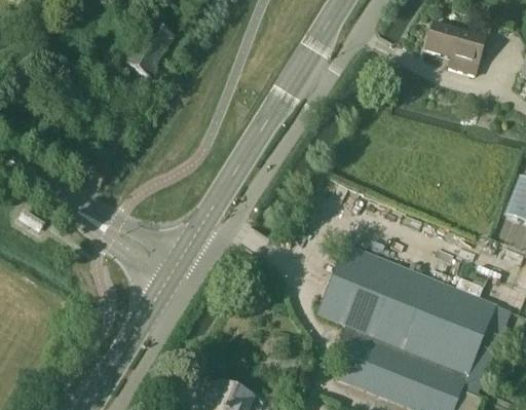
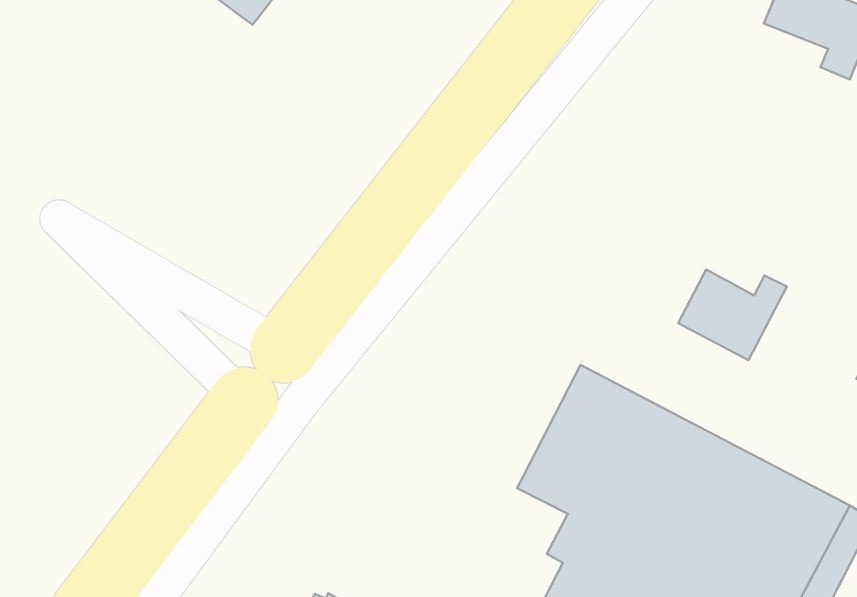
building: none -> [678,269,787,360]

